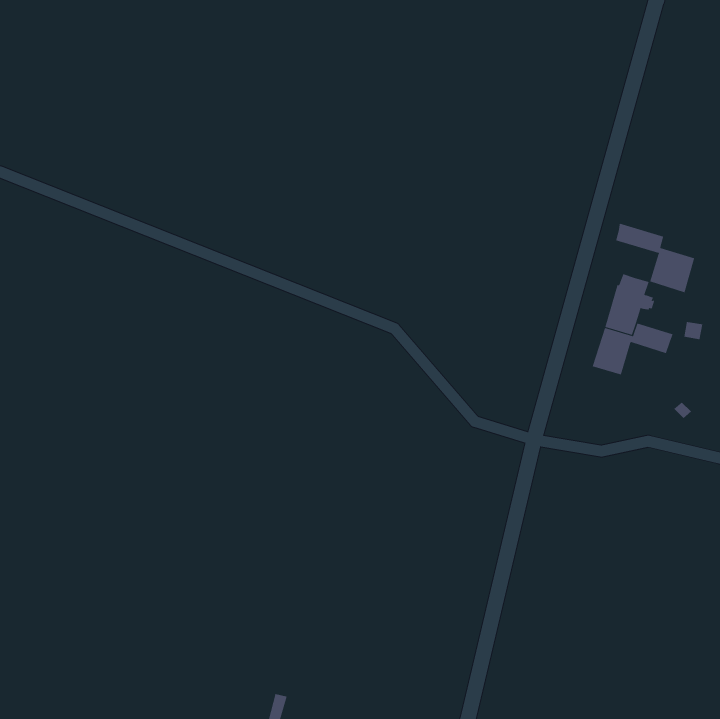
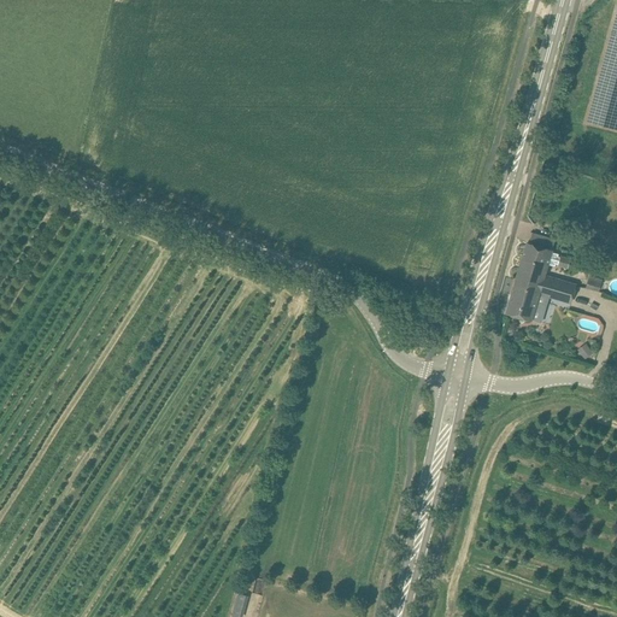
building: [615,223,695,293] -> none

